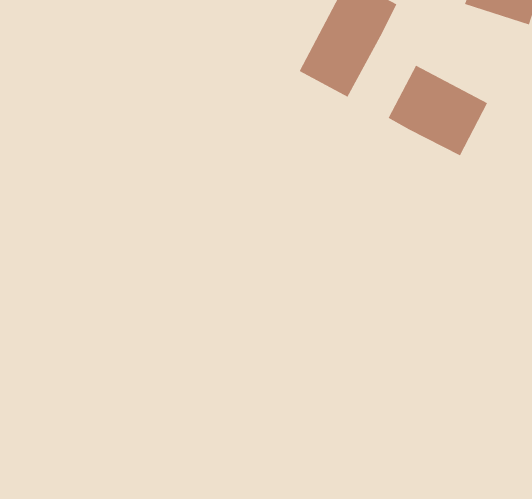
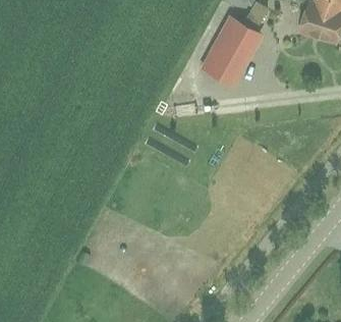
building: [388,65,488,156] -> none

